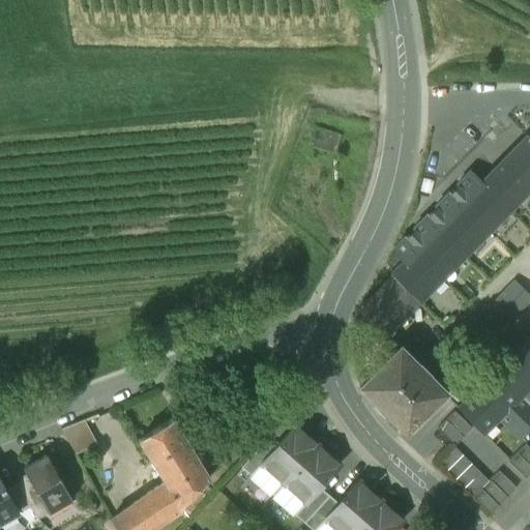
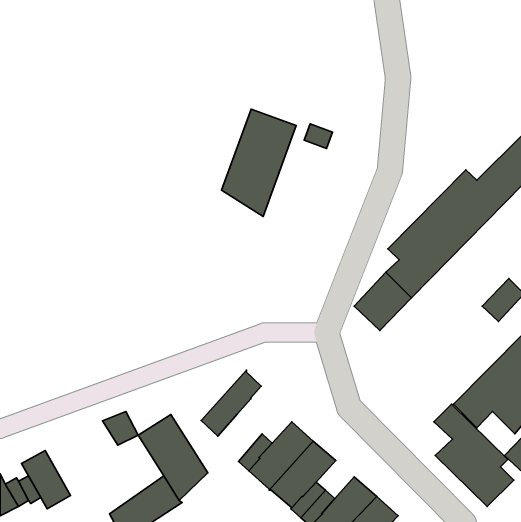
building: none -> [221,109,296,216]
building: [361,348,448,435] -> none
building: none -> [201,370,261,436]
building: [62,422,98,457] -> [102,411,138,445]

